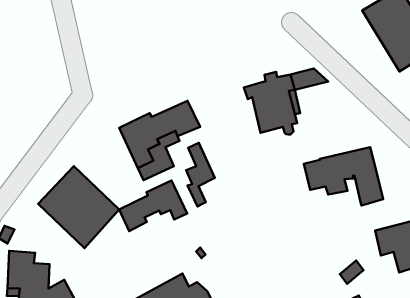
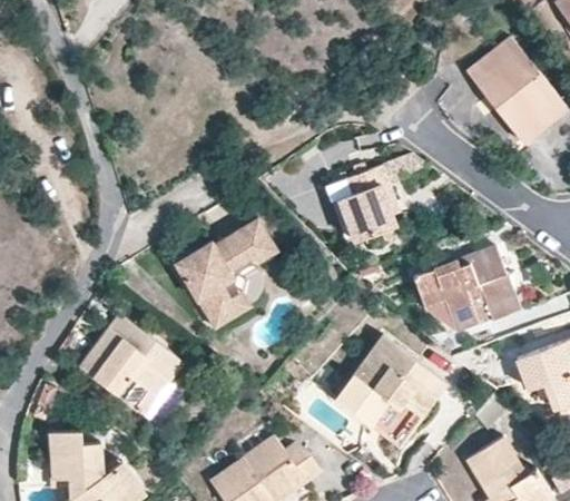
building: [186,143,215,207] -> none
building: none -> [449,285,492,334]
building: [119,181,187,231] -> none
building: none -> [335,336,449,428]

